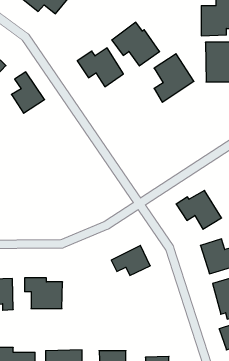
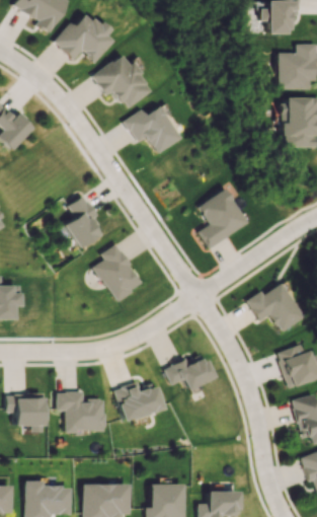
building: [112,22,160,66] -> [92,54,152,108]
building: [154,54,194,102] -> [200,188,249,248]
building: [11,72,45,113] -> [65,196,106,247]
building: none -> [96,243,143,301]
building: none -> [114,382,163,421]

